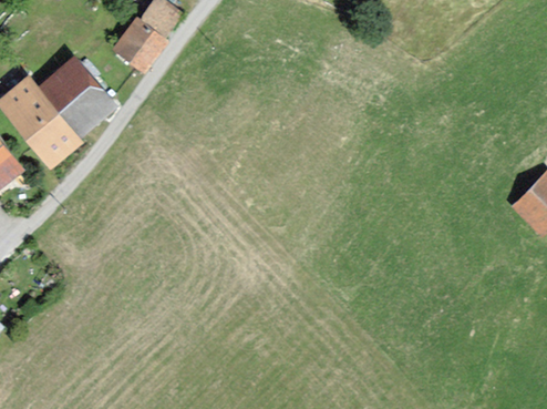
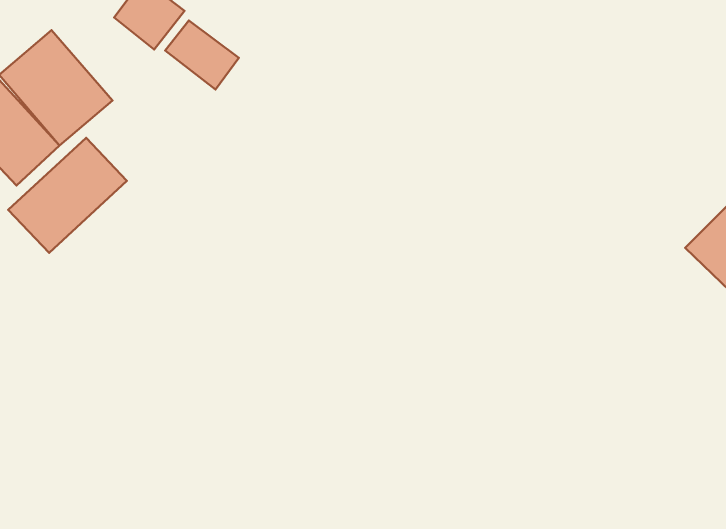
building: none -> [165,21,239,89]
building: none -> [8,138,127,253]

